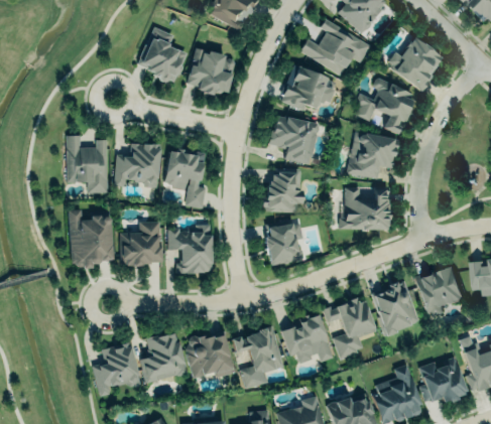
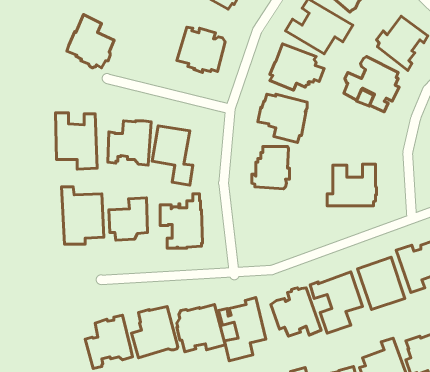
building: [138,26,187,81] -> [67,15,114,68]
building: [348,132,398,179] -> none
building: [265,222,303,265] -> none

